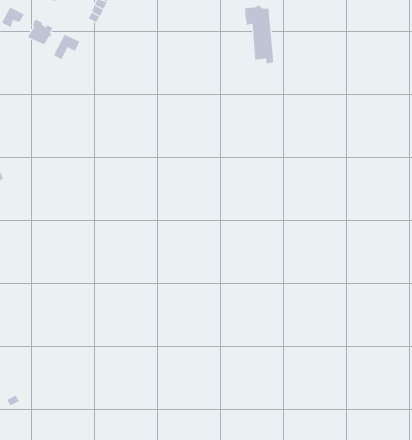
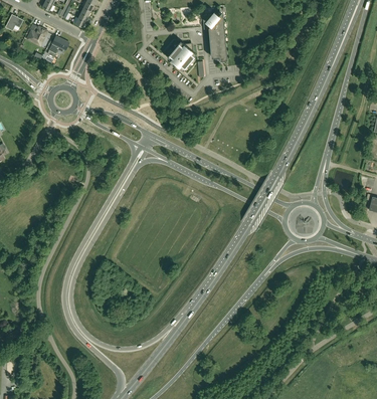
building: none -> [167,40,197,70]

